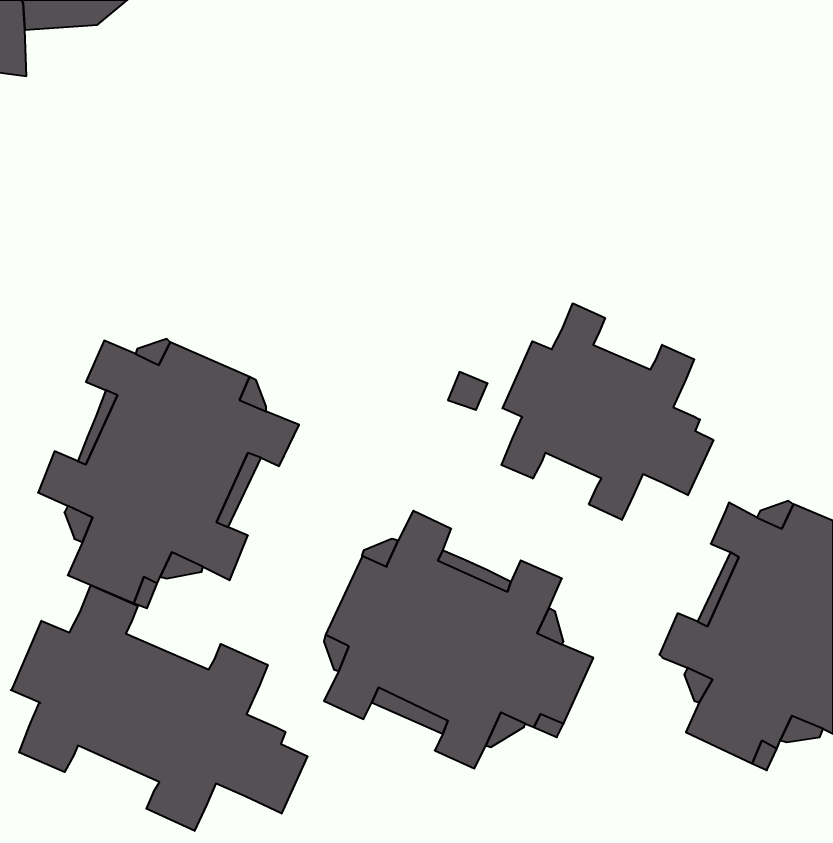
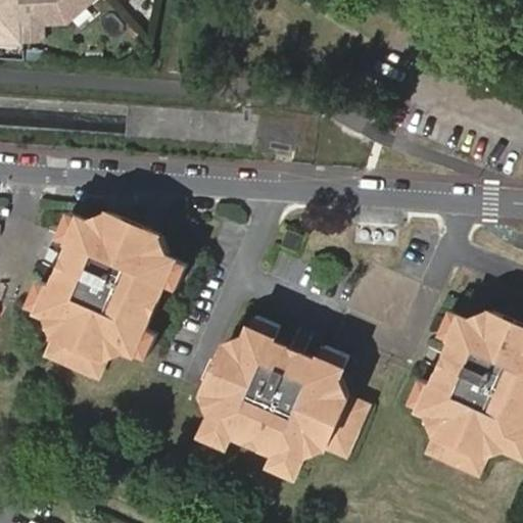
building: [501,303,713,520] -> none
building: [11,585,308,831] -> none

